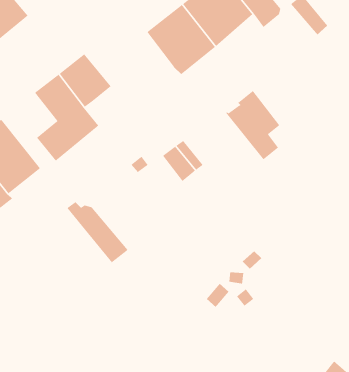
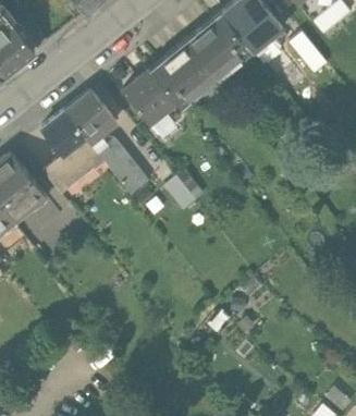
building: [225,90,280,160] -> [122,69,175,136]
building: [67,201,128,263] -> [89,135,149,195]

